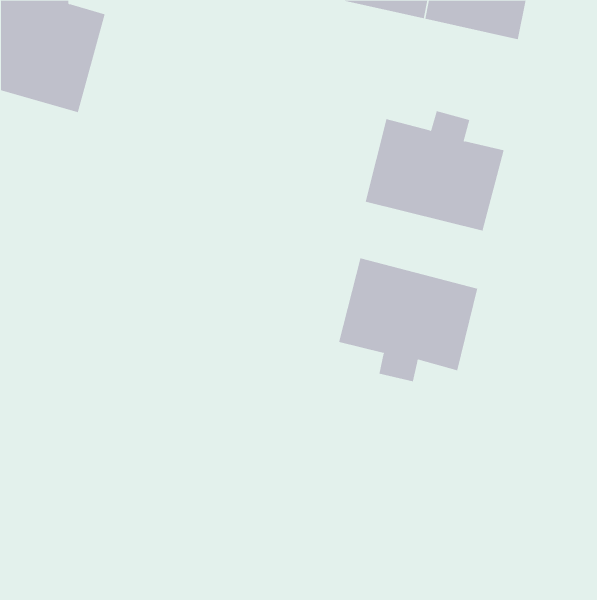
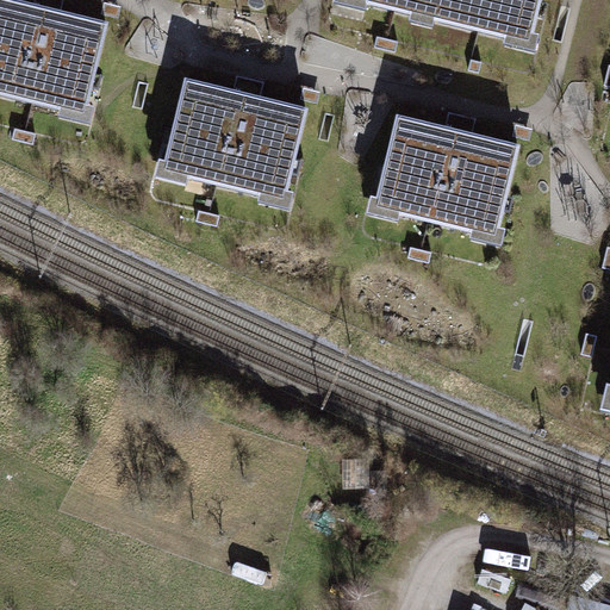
building: none -> [160,71,305,208]
building: [339,258,478,382] -> none

